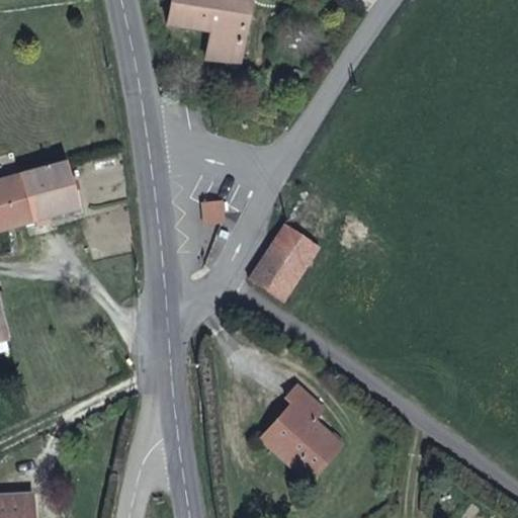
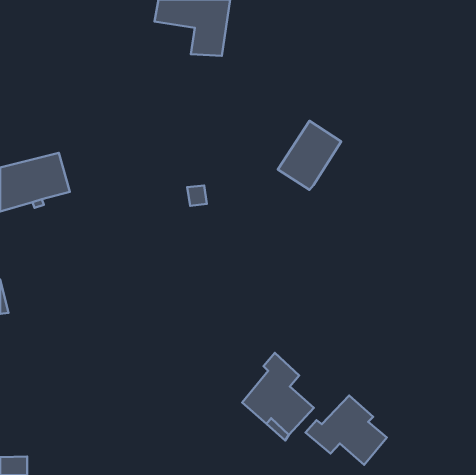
building: [249,225,318,299] -> [278,121,341,190]
building: none -> [305,396,387,465]

